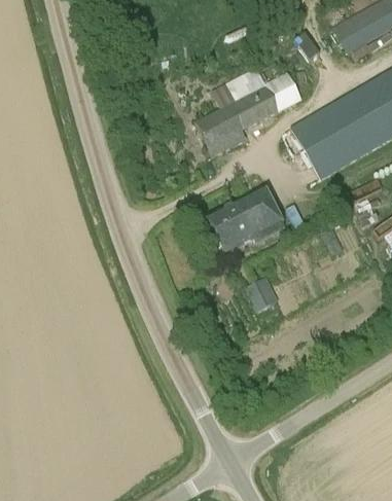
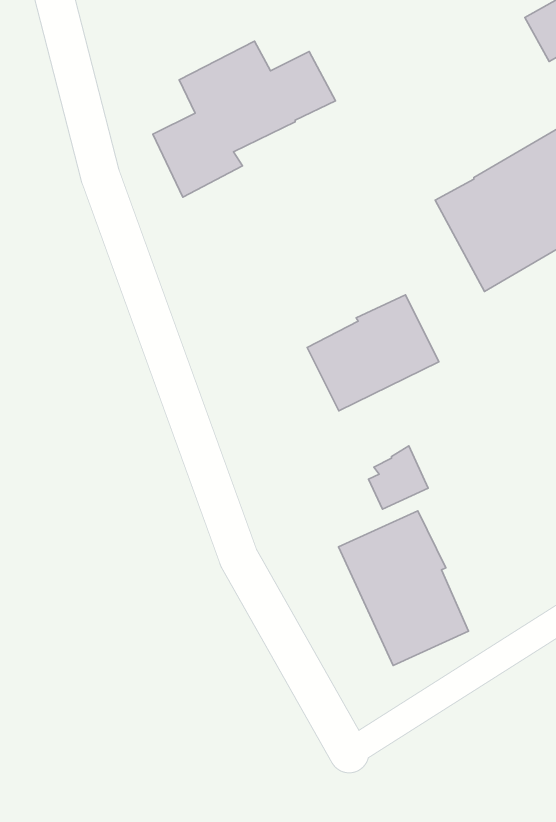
building: [197,65,304,156] -> [153,41,335,197]
building: none -> [339,511,468,665]

